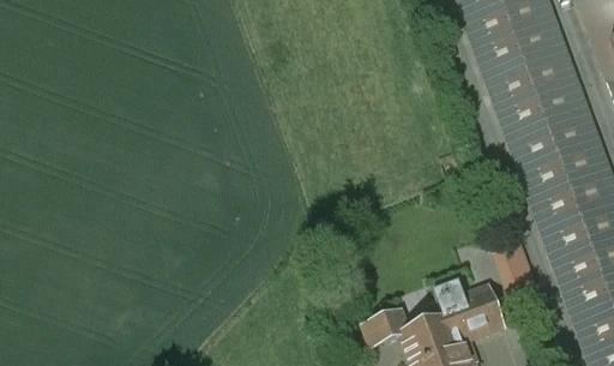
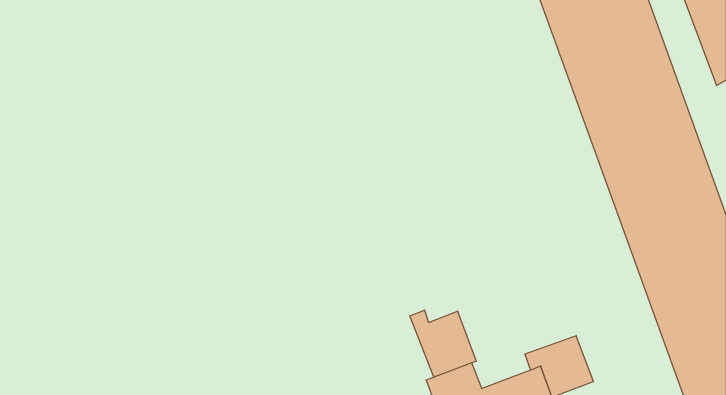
building: none -> [410,310,476,377]

